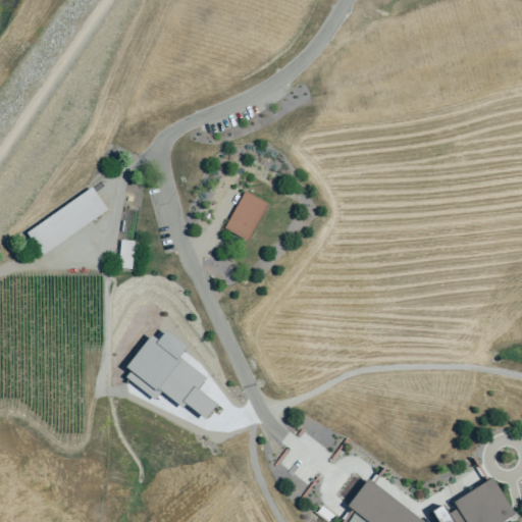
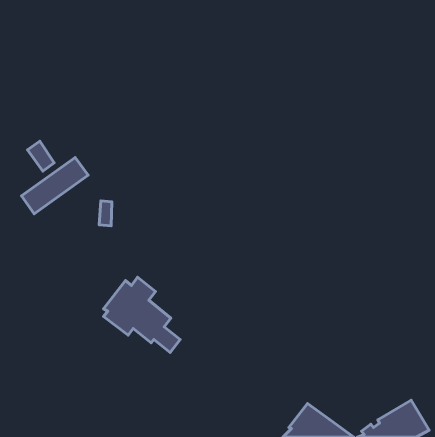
building: none -> [28,141,54,171]
building: [225,191,268,241] -> none

